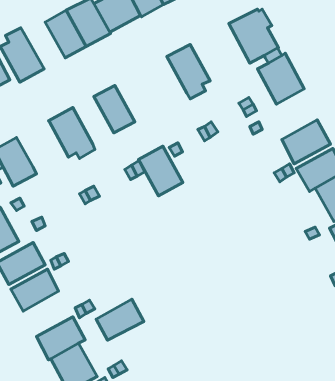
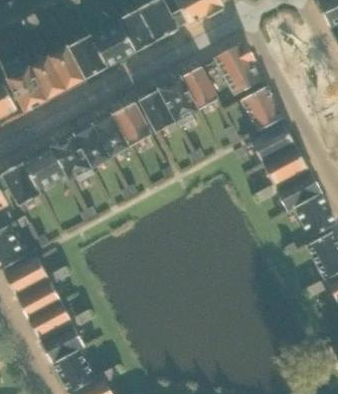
building: none -> [29,56,66,98]
building: none -> [180,65,218,110]
building: none -> [139,87,177,132]
building: none -> [73,124,111,167]
building: none -> [251,124,296,163]
building: none -> [22,147,66,188]
building: [139,146,183,196] -> [112,102,152,147]
building: [96,299,144,340] -> [28,301,71,338]

